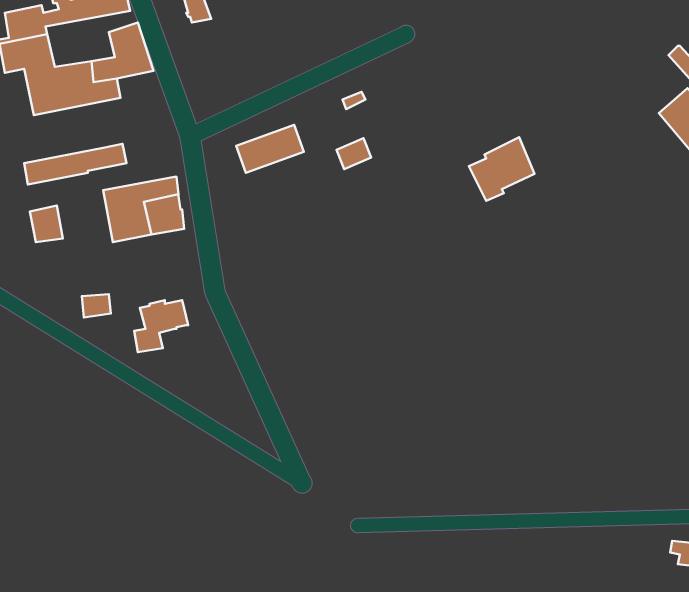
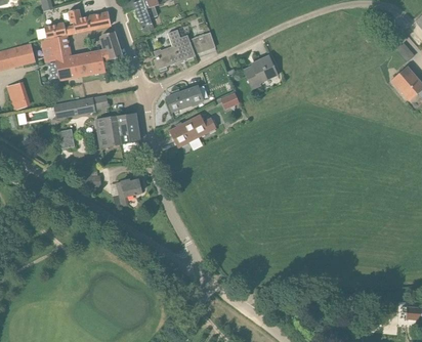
building: none -> [154,29,209,71]
building: [469,137,535,201] -> [243,54,278,88]
building: none -> [170,115,215,146]

